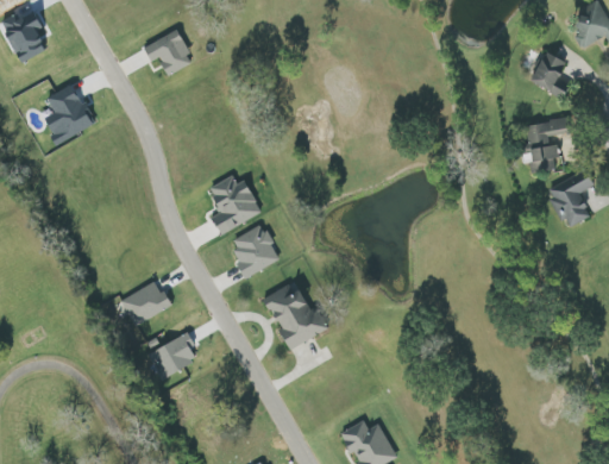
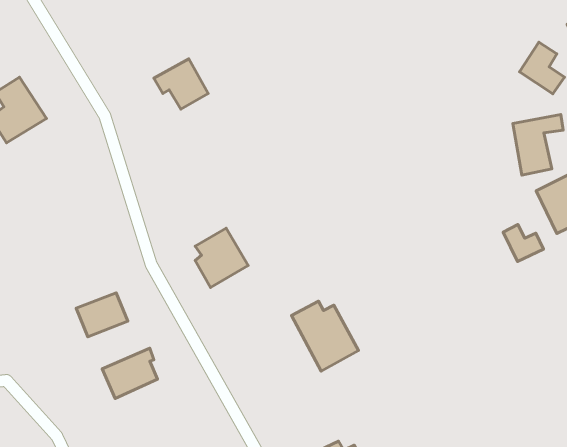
building: [144,29,194,75] -> [154,59,208,109]
building: [208,174,263,234] -> none
building: none -> [503,224,543,262]
building: [264,284,326,349] -> [291,301,359,371]

